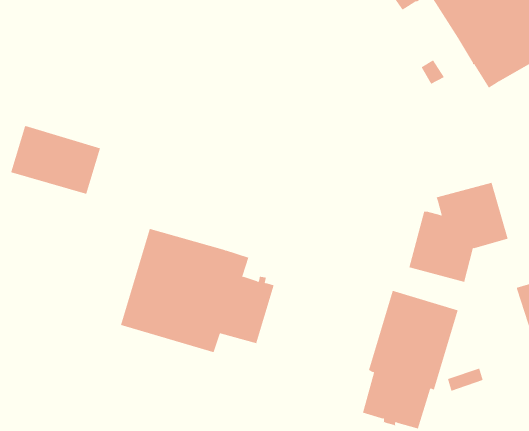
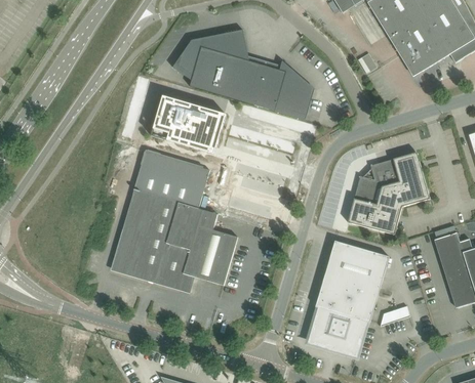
building: none -> [172,30,314,120]
building: none -> [151,96,226,153]
building: [8,126,101,195] -> [133,152,209,208]

